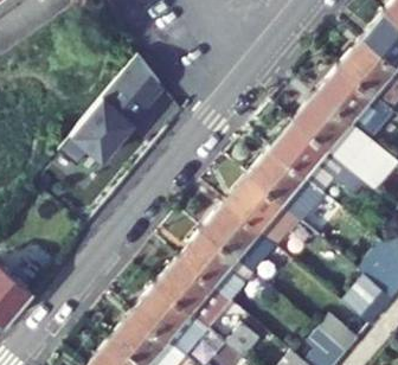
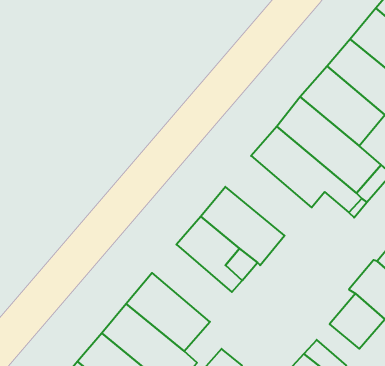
building: [59,56,160,165] -> none
building: [245,146,332,236] -> none
building: [178,228,272,302] -> none

